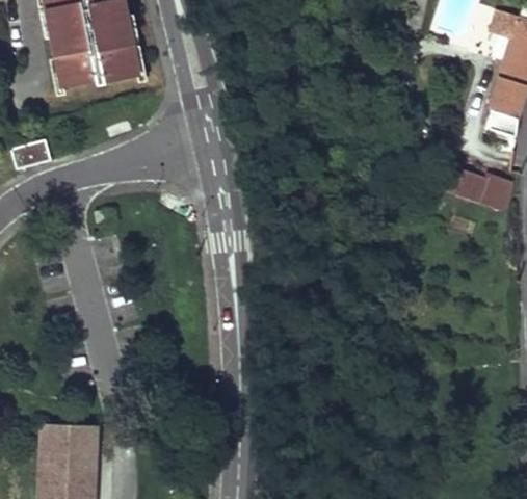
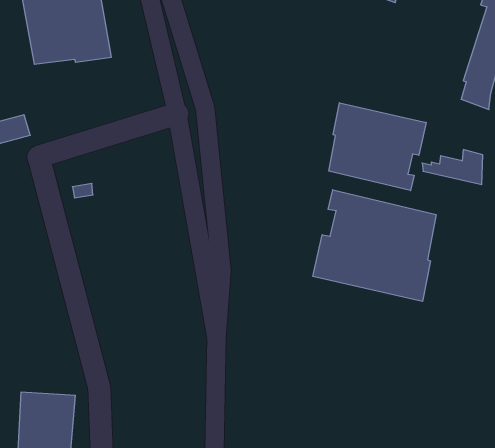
building: none -> [329,103,426,191]
building: none -> [313,190,436,301]

